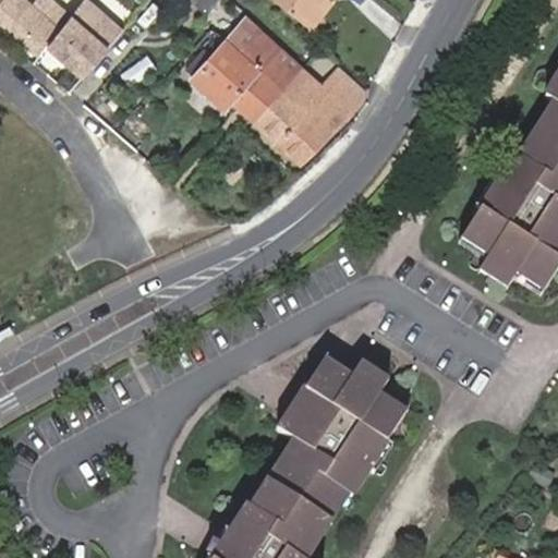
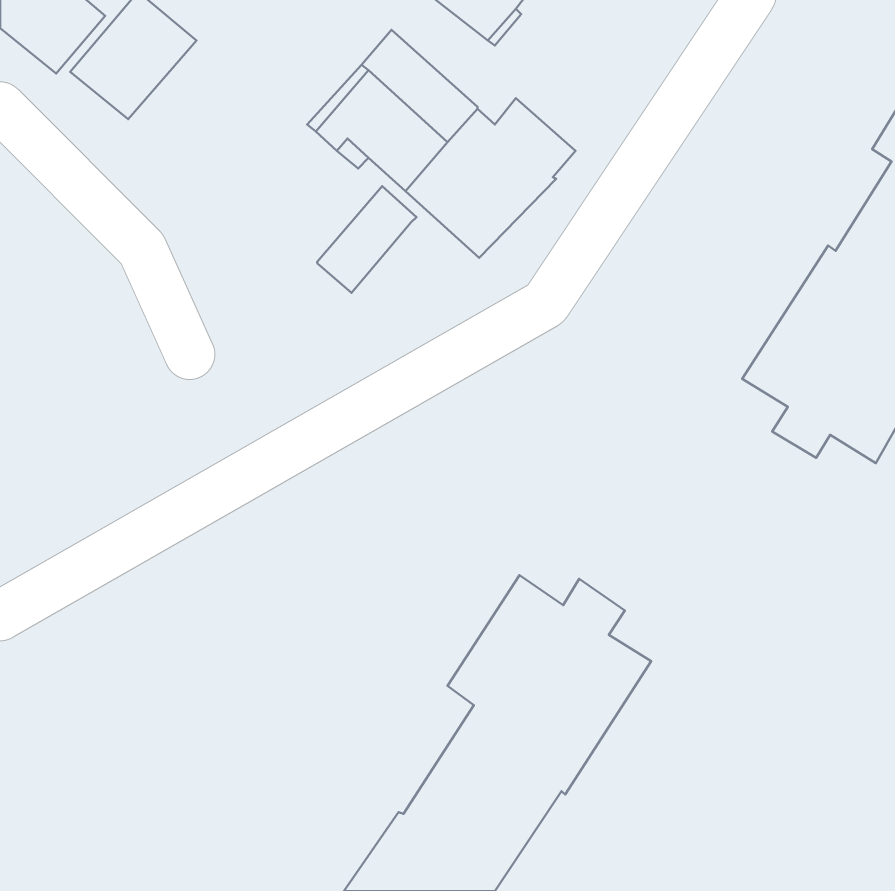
building: none -> [317,186,417,293]

